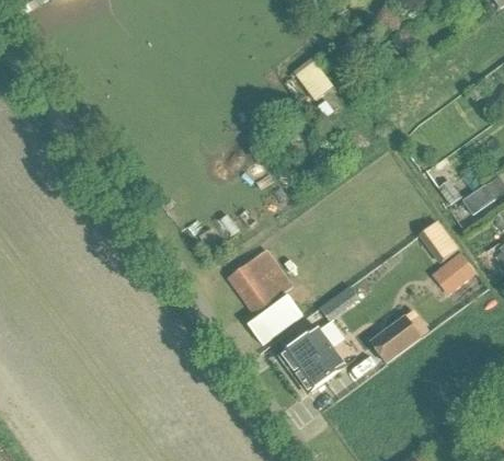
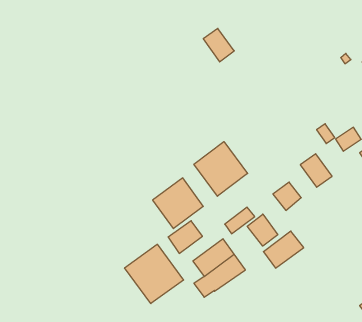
building: none -> [194,142,248,196]
building: [439,253,476,289] -> [273,182,301,210]
building: none -> [247,214,278,246]
building: none -> [125,244,184,304]

